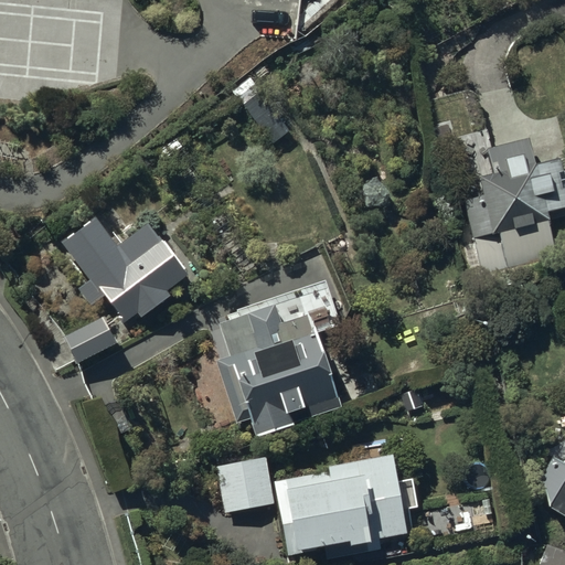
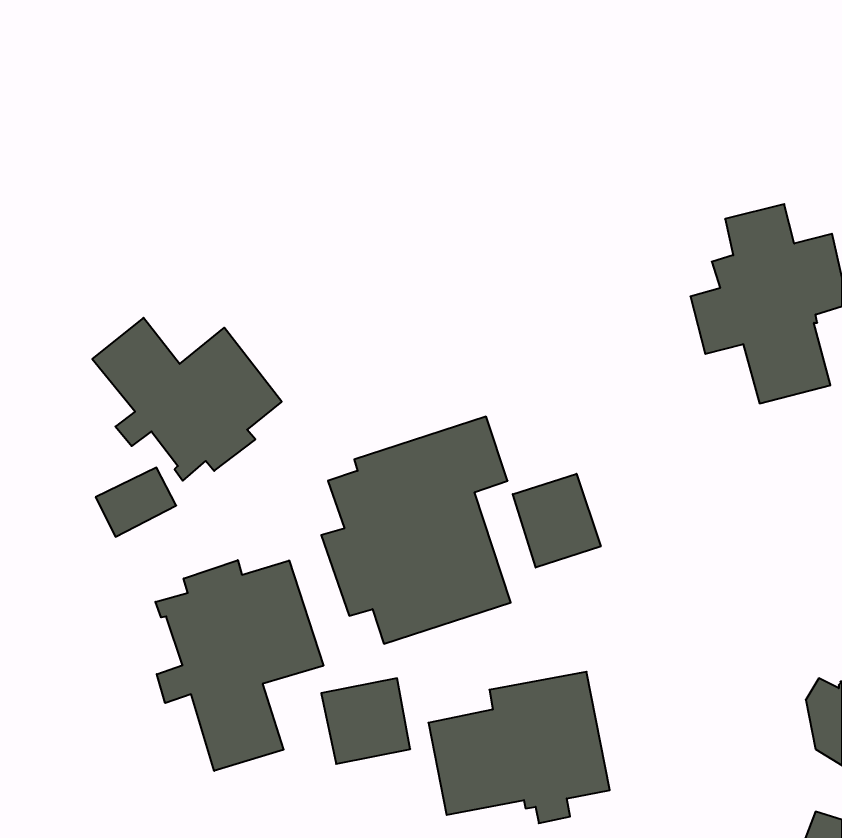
building: none -> [513,474,601,568]
building: none -> [155,560,323,771]

